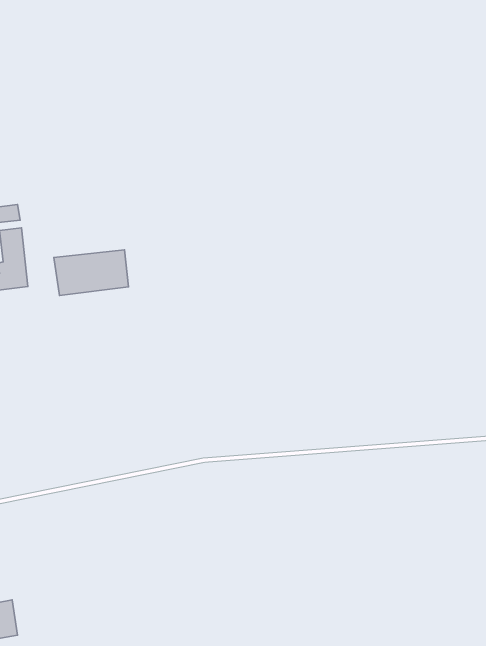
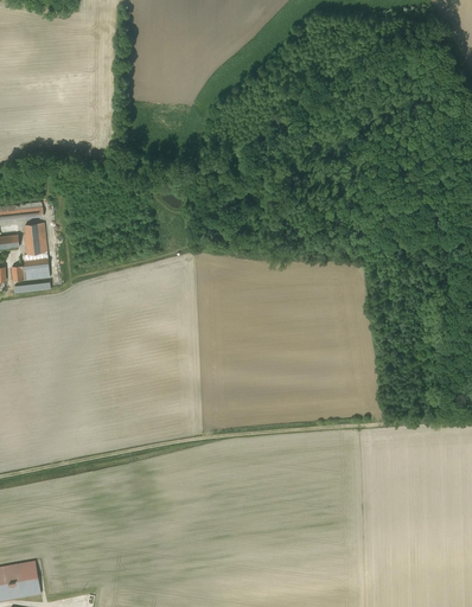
building: [54,250,129,295] -> none

